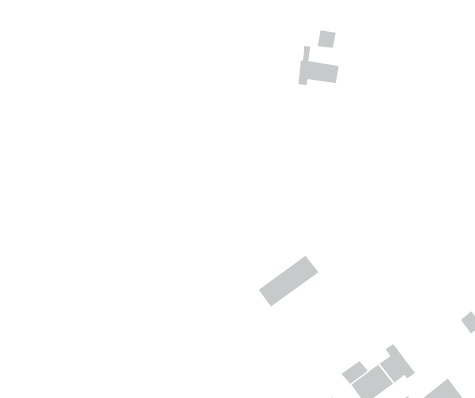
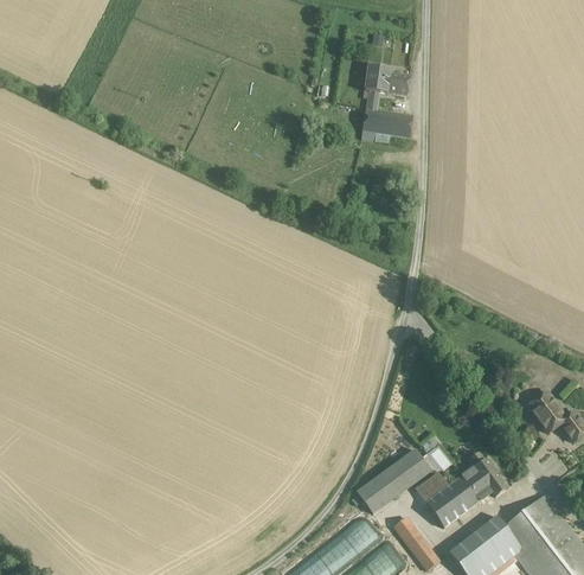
building: none -> [364,65,389,92]
building: [258,255,319,307] -> [355,448,430,512]
building: none -> [526,391,565,433]

